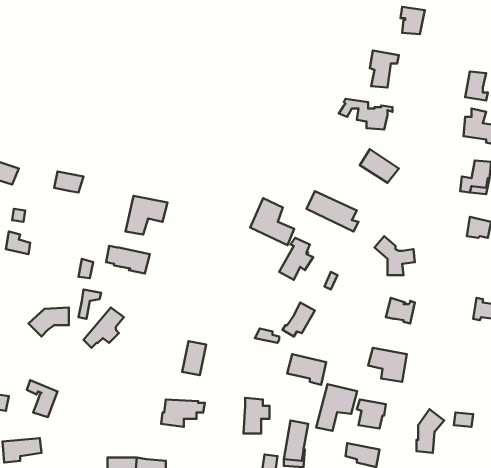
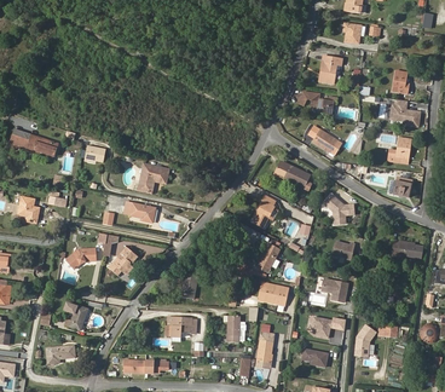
building: [250,198,294,245] -> none
building: [316,384,357,431] -> none

